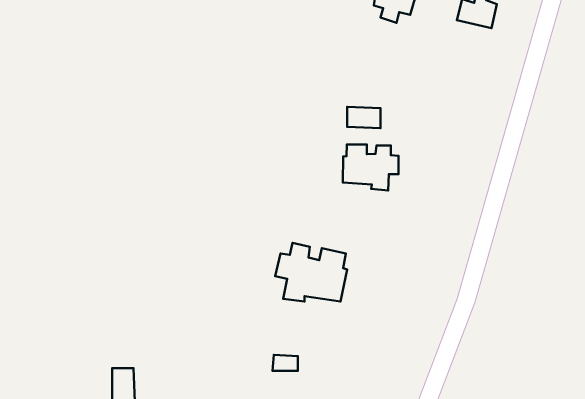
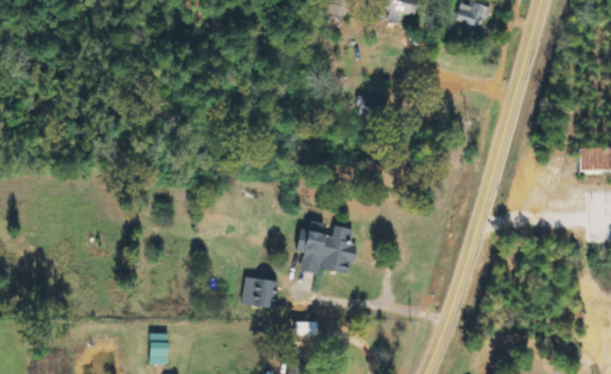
building: [343,144,399,190] -> none
building: none -> [240,277,278,307]

